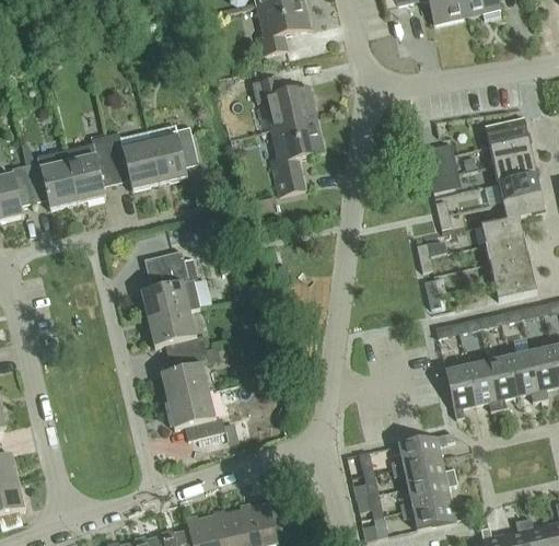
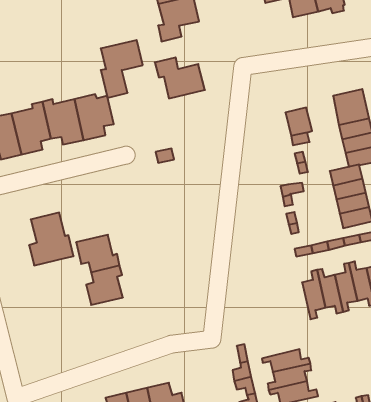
building: [270,119,325,195] -> [101,40,143,98]
building: [142,249,200,318] -> [29,213,74,265]
building: [168,391,224,434] -> none
building: [389,433,454,471] -> none

